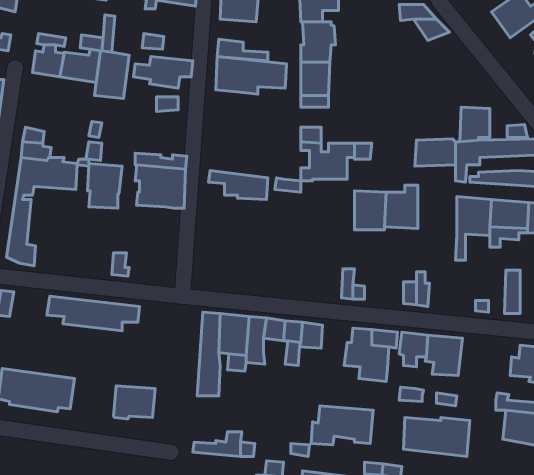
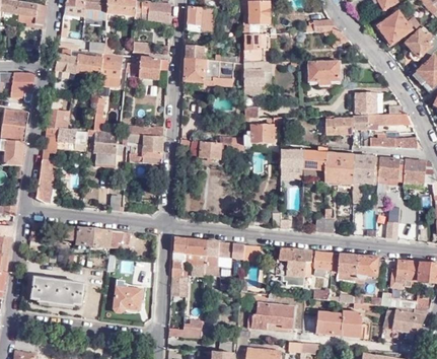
building: none -> [308,59,339,81]
building: none -> [324,153,353,183]
building: none -> [354,255,377,282]

